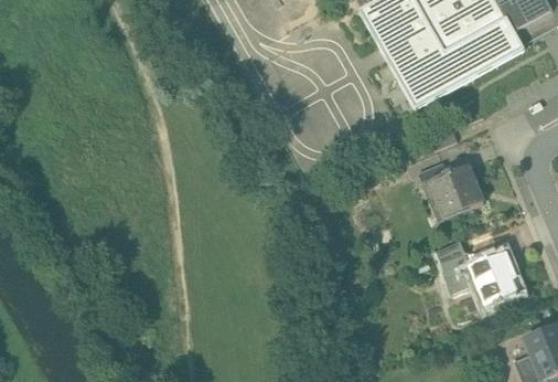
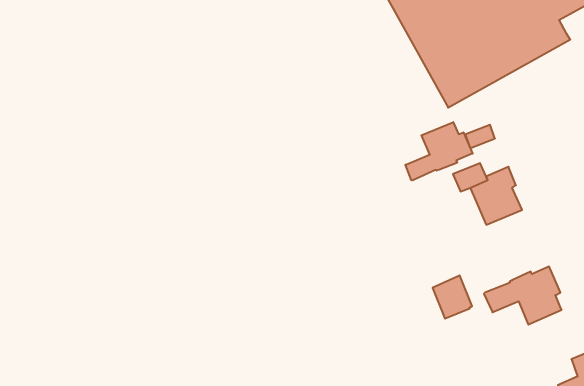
building: none -> [405,122,473,180]
building: [436,237,471,276] -> [433,275,472,319]

